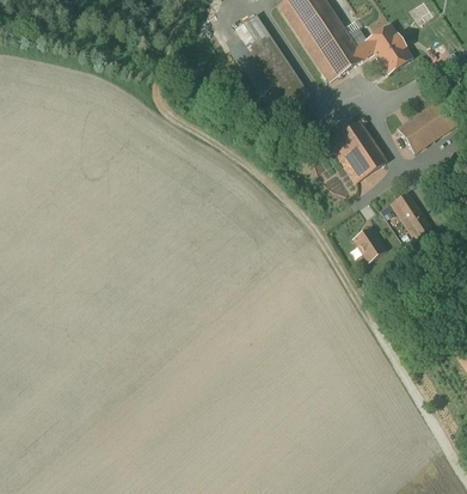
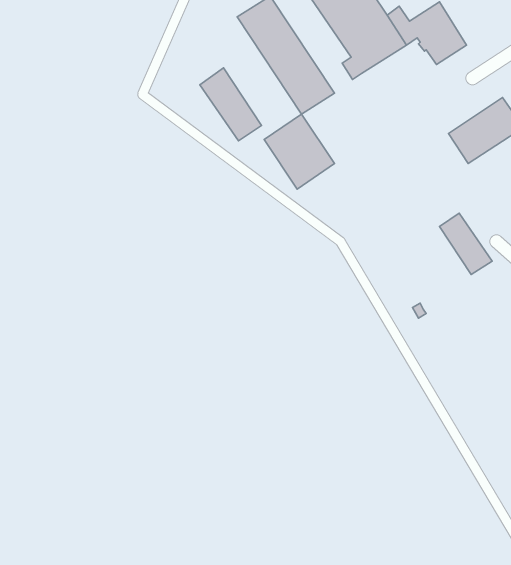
building: none -> [200,68,262,141]
building: [330,121,386,181] -> [264,114,335,189]
building: [354,227,385,261] -> none

